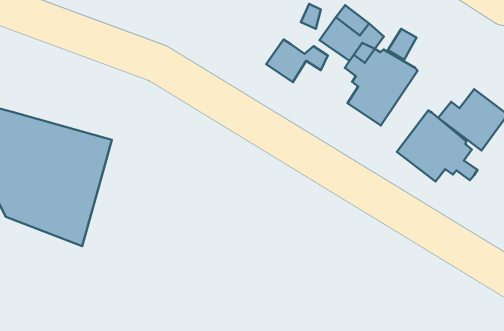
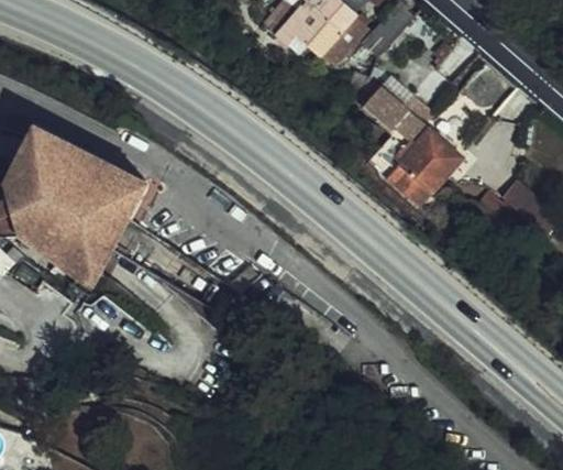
building: [266,40,328,82] -> none
building: [397,111,477,181] -> none

